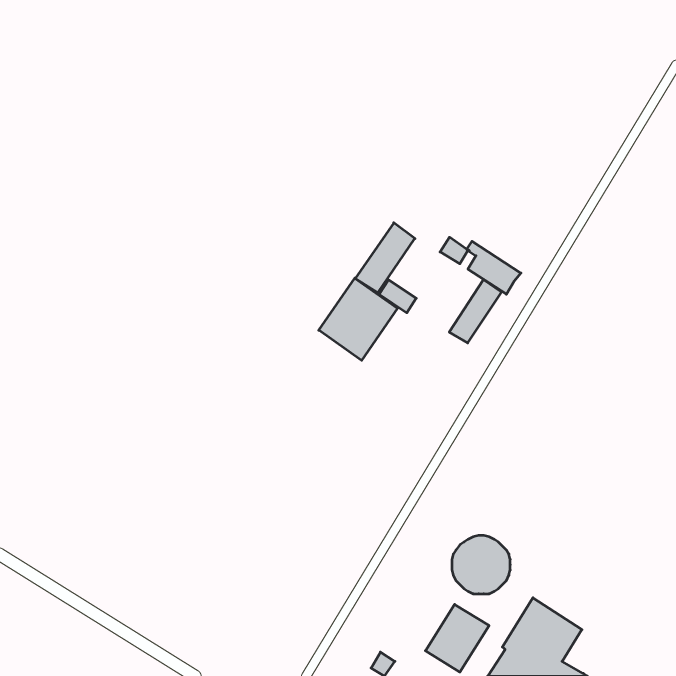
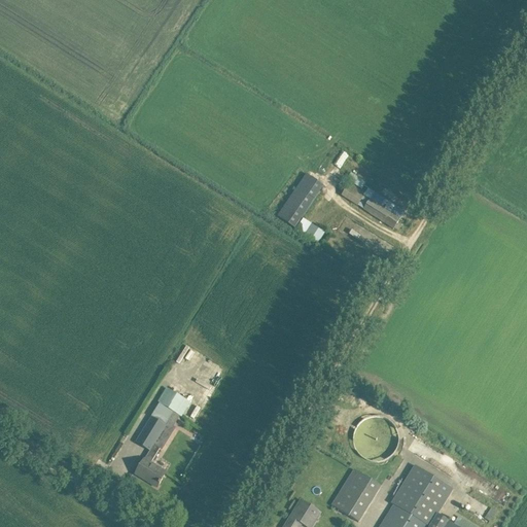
building: [319,278,398,360] -> none
building: [449,279,501,343] -> none
building: none -> [134,388,189,487]

